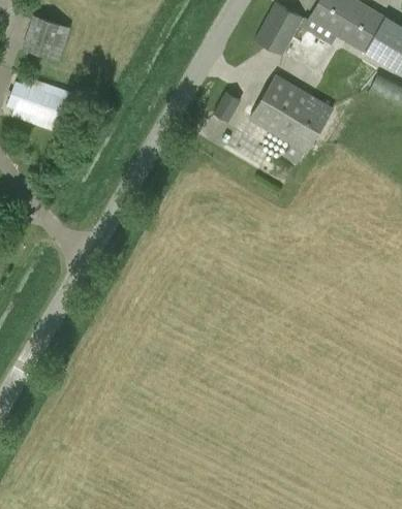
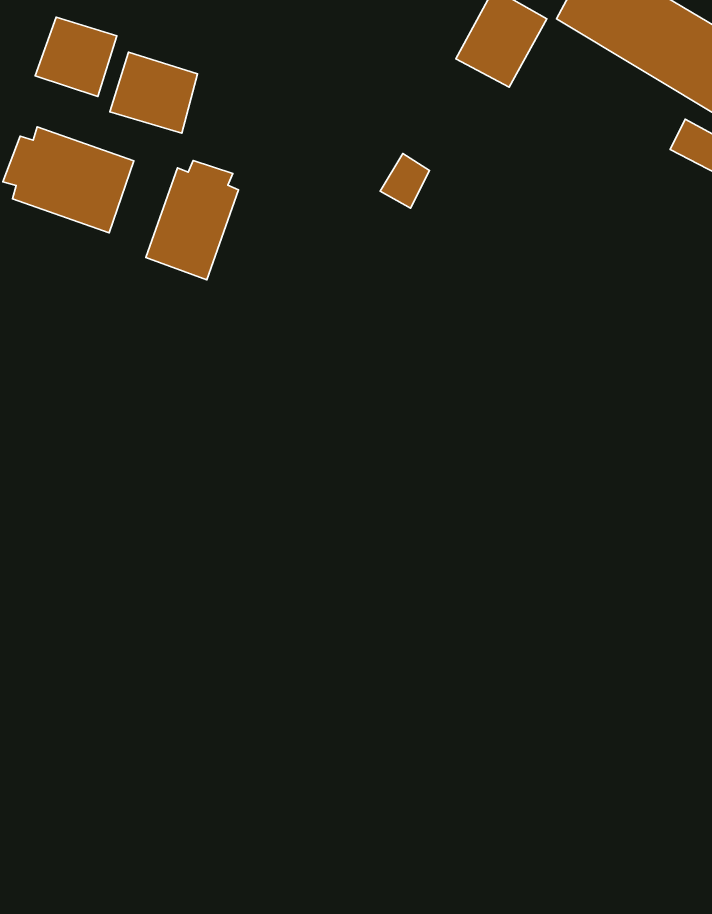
building: none -> [110,52,197,133]
building: [248,74,333,164] -> none
building: none -> [146,160,239,280]

